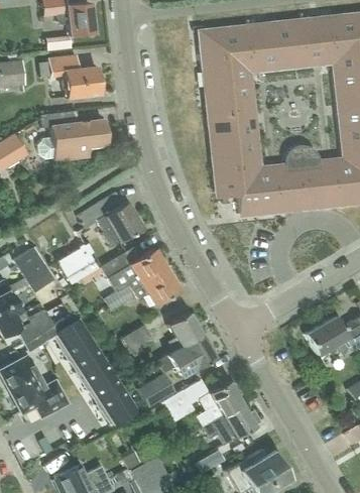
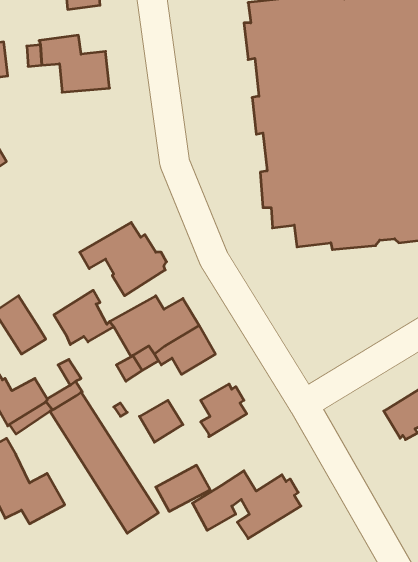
building: [38,111,107,156] -> none
building: [157,336,218,379] -> none
building: [205,404,258,439] -> none

